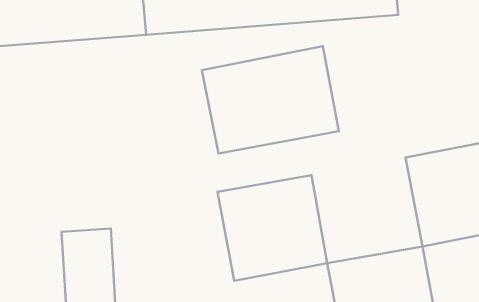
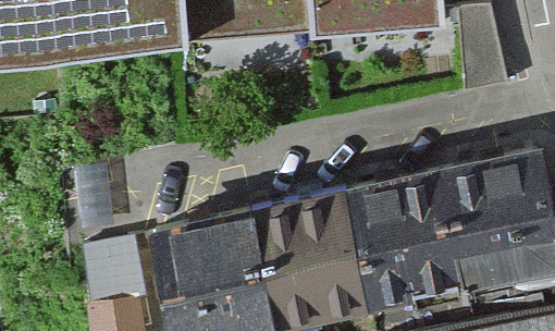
building: [202,46,339,154] -> none
building: none -> [355,176,470,286]
building: none -> [166,212,274,322]

